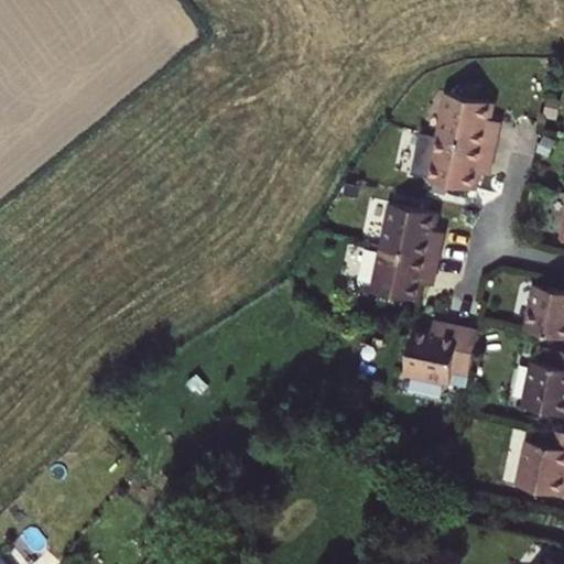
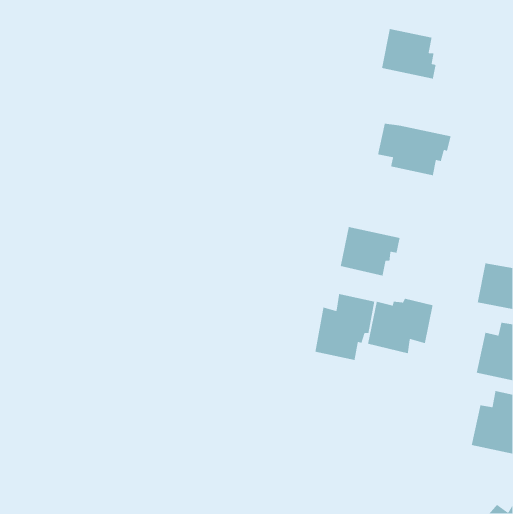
building: [437,93,498,149] -> [381,28,437,80]
building: [381,205,442,260] -> none
building: none -> [314,293,375,361]

